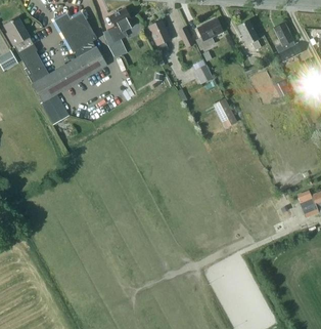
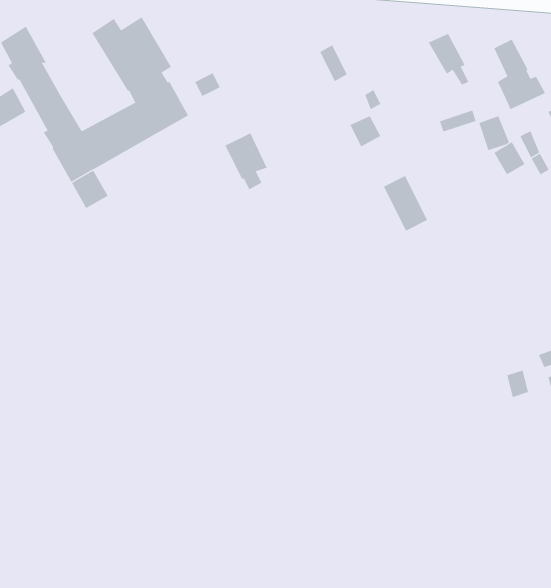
building: [107,6,132,40] -> none
building: [195,17,222,48] -> none
building: [146,19,170,51] -> [225,132,268,190]

